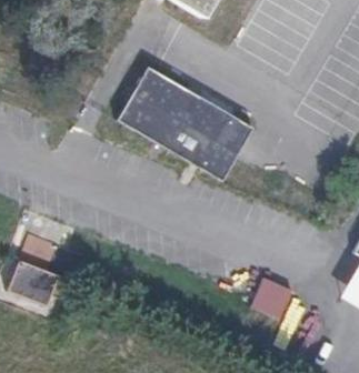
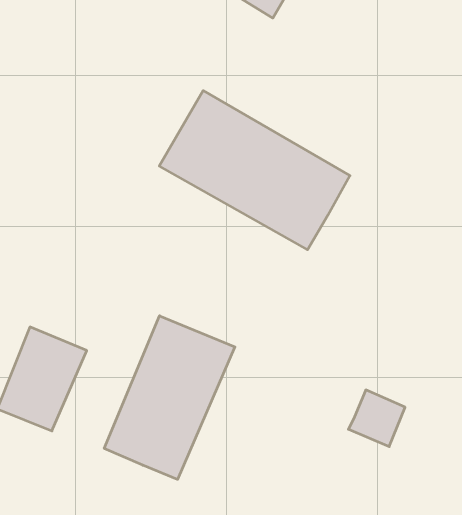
building: none -> [104,316,235,479]

